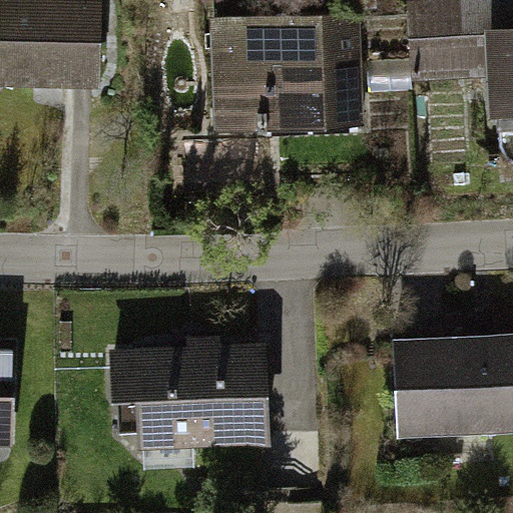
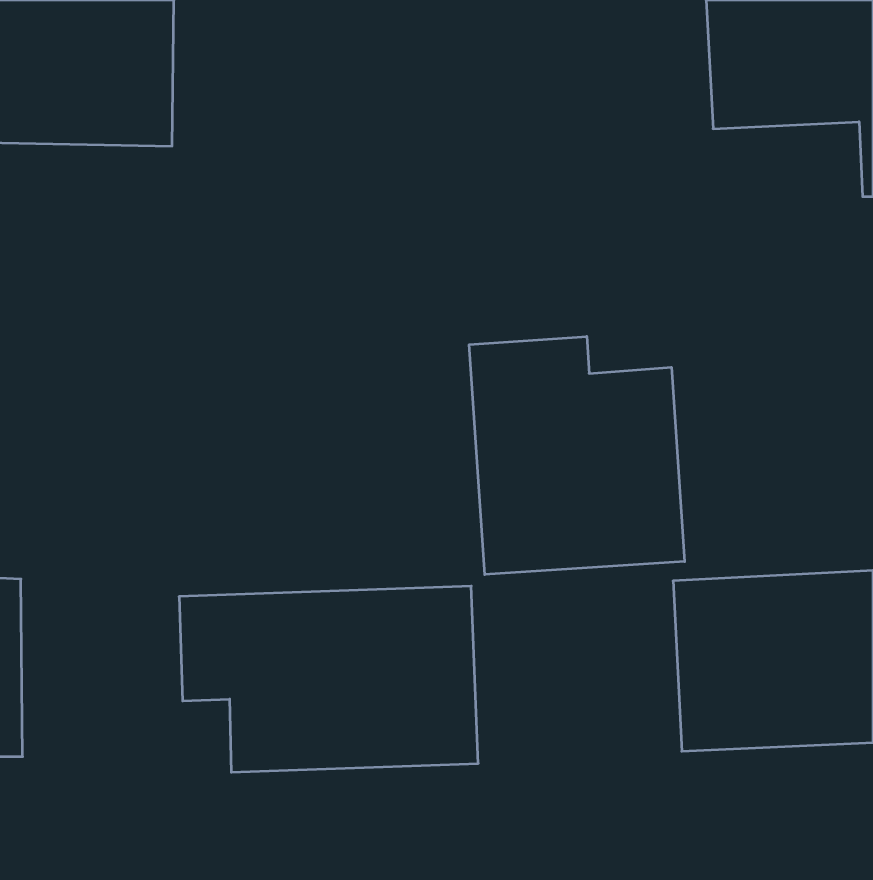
building: [211,9,367,132] -> none
building: none -> [469,336,685,575]

